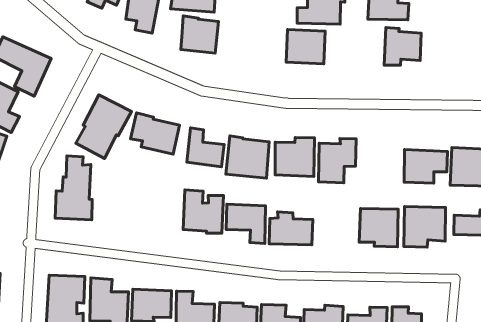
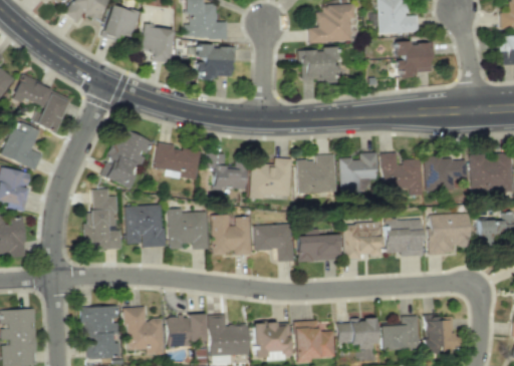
building: none -> [380,151,422,197]
building: none -> [125,205,164,246]
building: none -> [168,208,208,249]
building: none -> [343,222,381,259]

